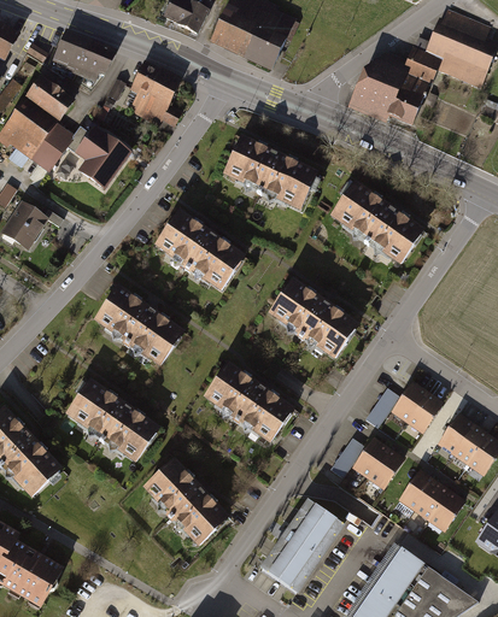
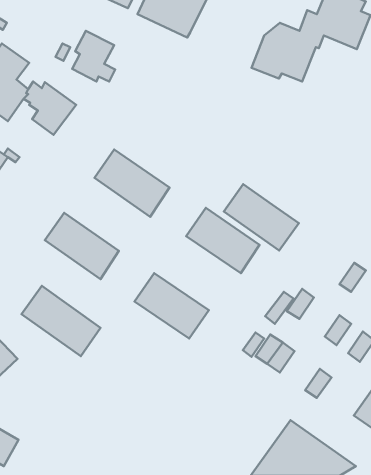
building: [54,30,116,82] -> none
building: [223,137,320,212] -> none
building: [333,183,426,265] -> [224,184,299,251]
building: [409,392,441,428] -> [339,263,366,292]
building: [455,424,487,460] -> none
building: [145,462,230,548] -> none
building: [394,470,434,515] -> none
building: [430,490,463,527] -> none
building: [262,500,342,590] -> none

